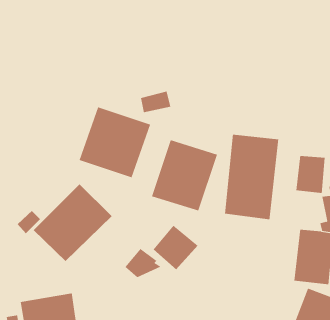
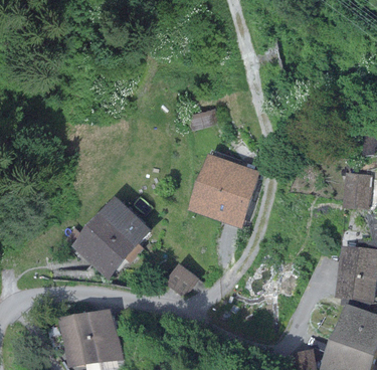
building: [79,107,151,178] -> none
building: [224,134,279,220] -> none
building: [153,225,199,270] -> none

